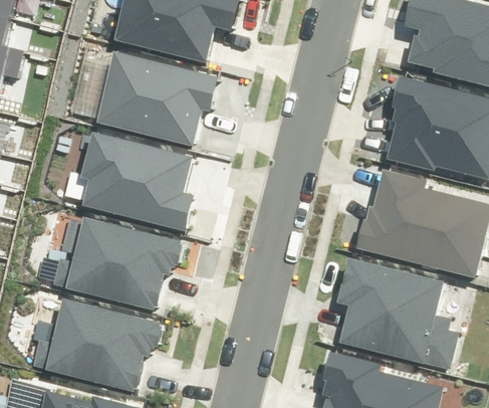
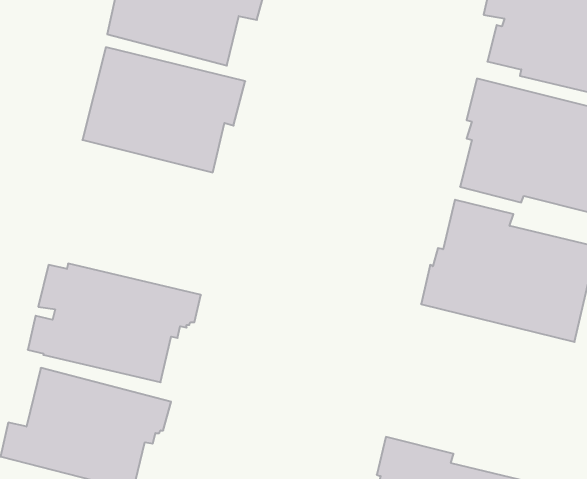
building: [81,132,195,231] -> none
building: [336,257,458,369] -> none

